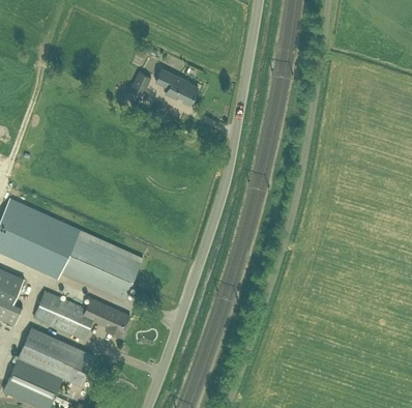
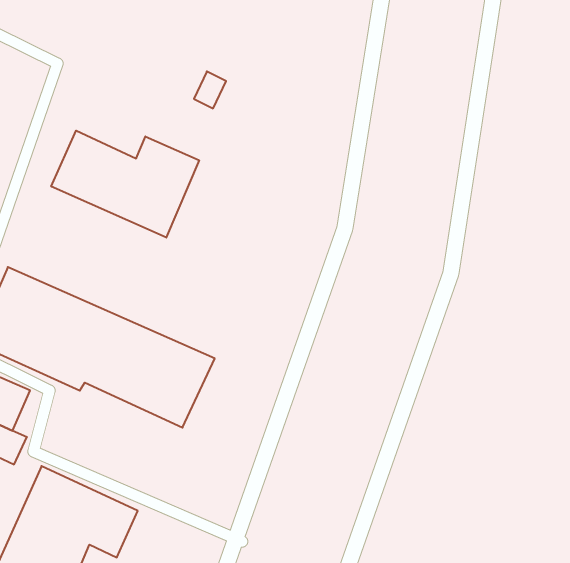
building: [155,69,197,103] -> none
building: none -> [51,131,199,238]
building: [33,291,129,340] -> none

